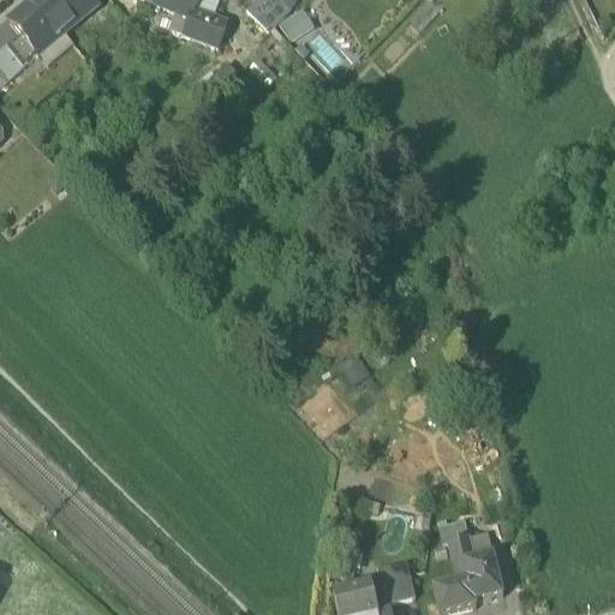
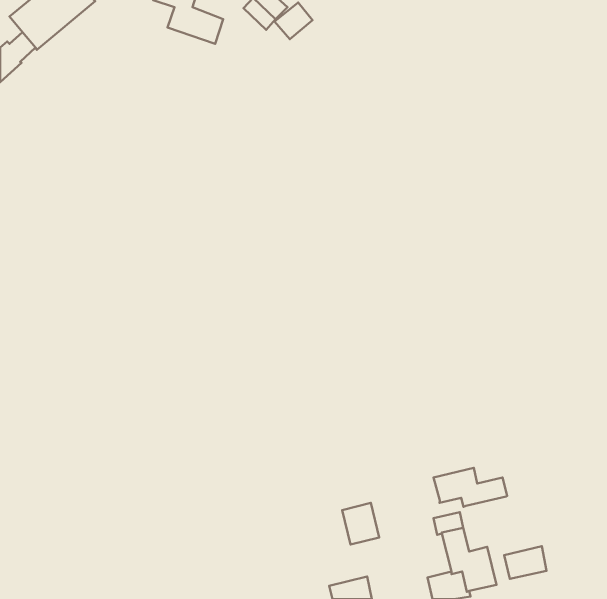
building: none -> [433,468,507,507]
building: none -> [504,546,547,579]
building: [377,559,414,601] -> [342,503,379,545]

